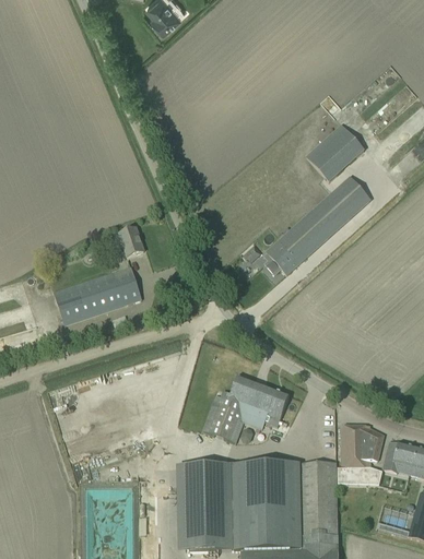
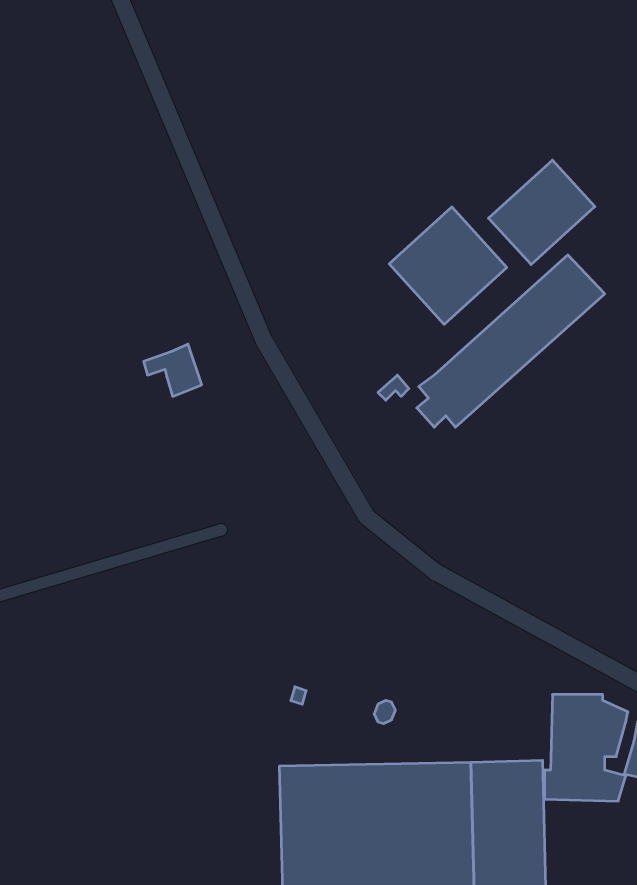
building: none -> [389,207,507,324]
building: [54,266,141,324] -> none
building: [202,376,288,443] -> none

